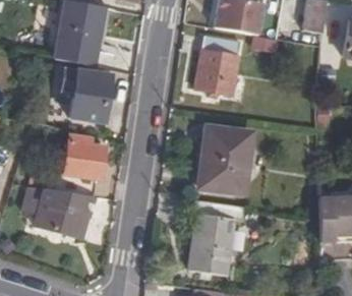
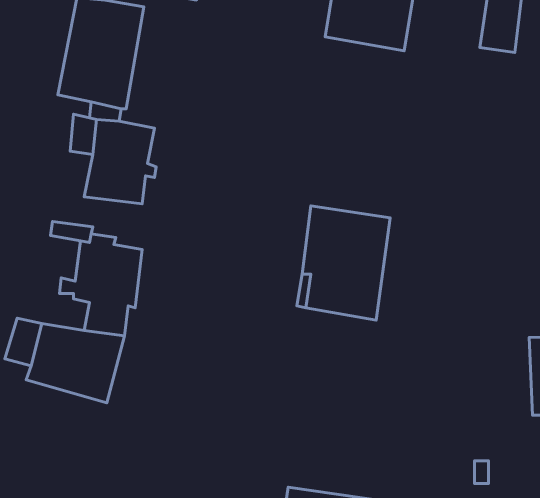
building: [195,36,239,91] -> none
building: [190,197,243,281] -> none

